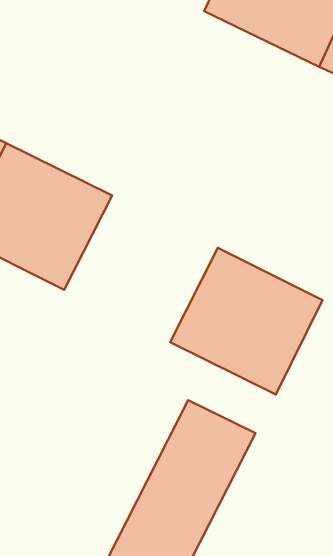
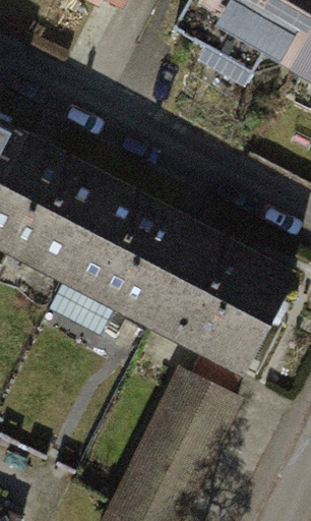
building: none -> [65,193,202,325]

